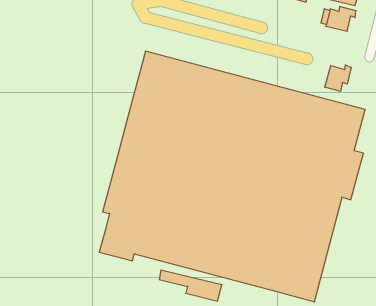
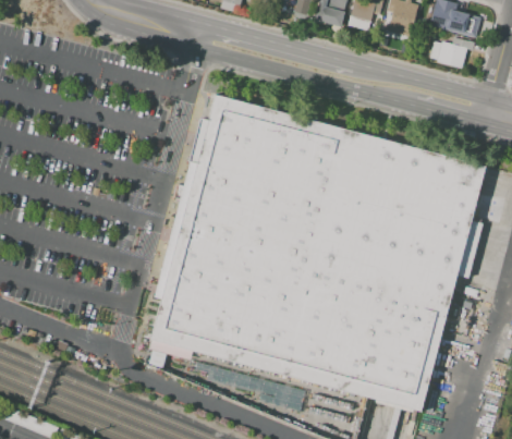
building: [325,65,351,91] -> none

